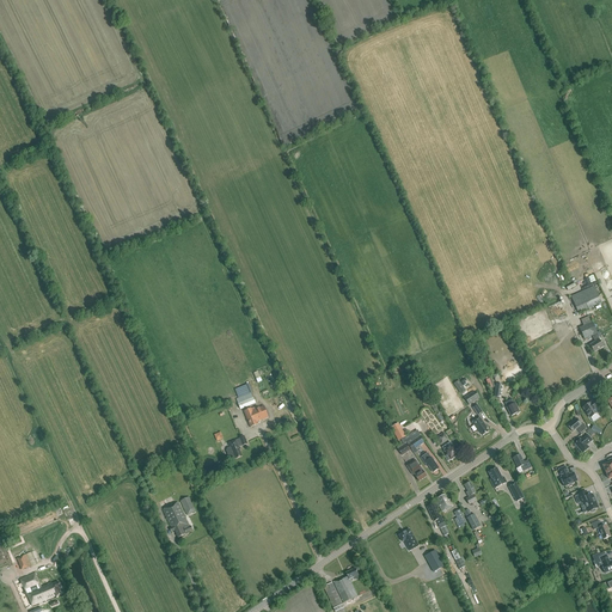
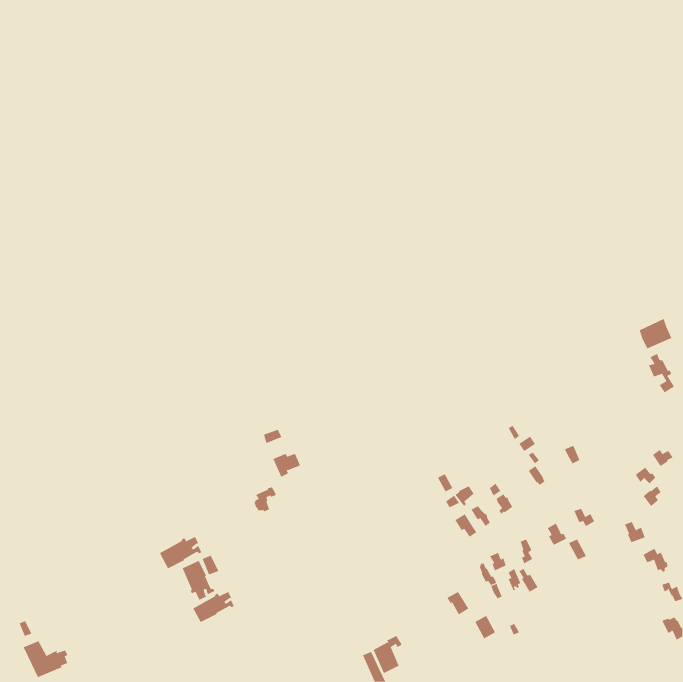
building: none -> [159,536,202,569]
building: none -> [192,591,235,623]

